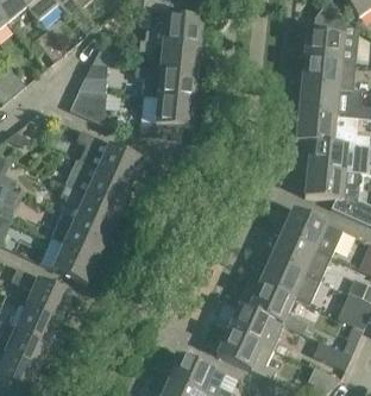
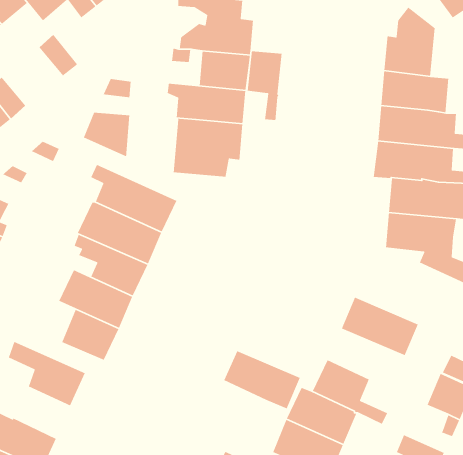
building: none -> [247,50,283,121]
building: [281,207,342,254] -> none
building: [259,258,320,304] -> [223,350,301,410]
building: [14,303,59,344] -> none

